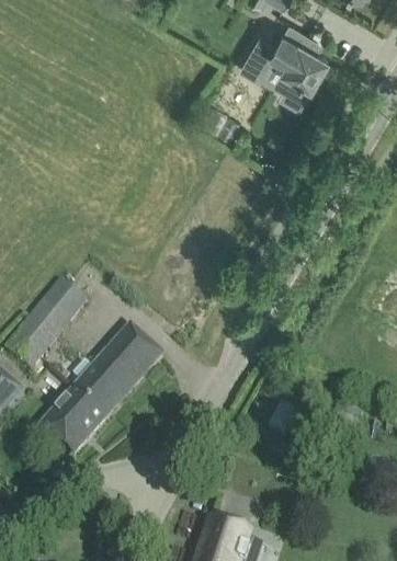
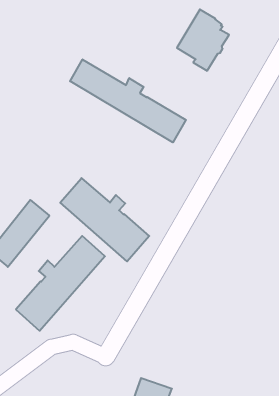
building: none -> [70,59,186,142]
building: none -> [60,178,149,261]

